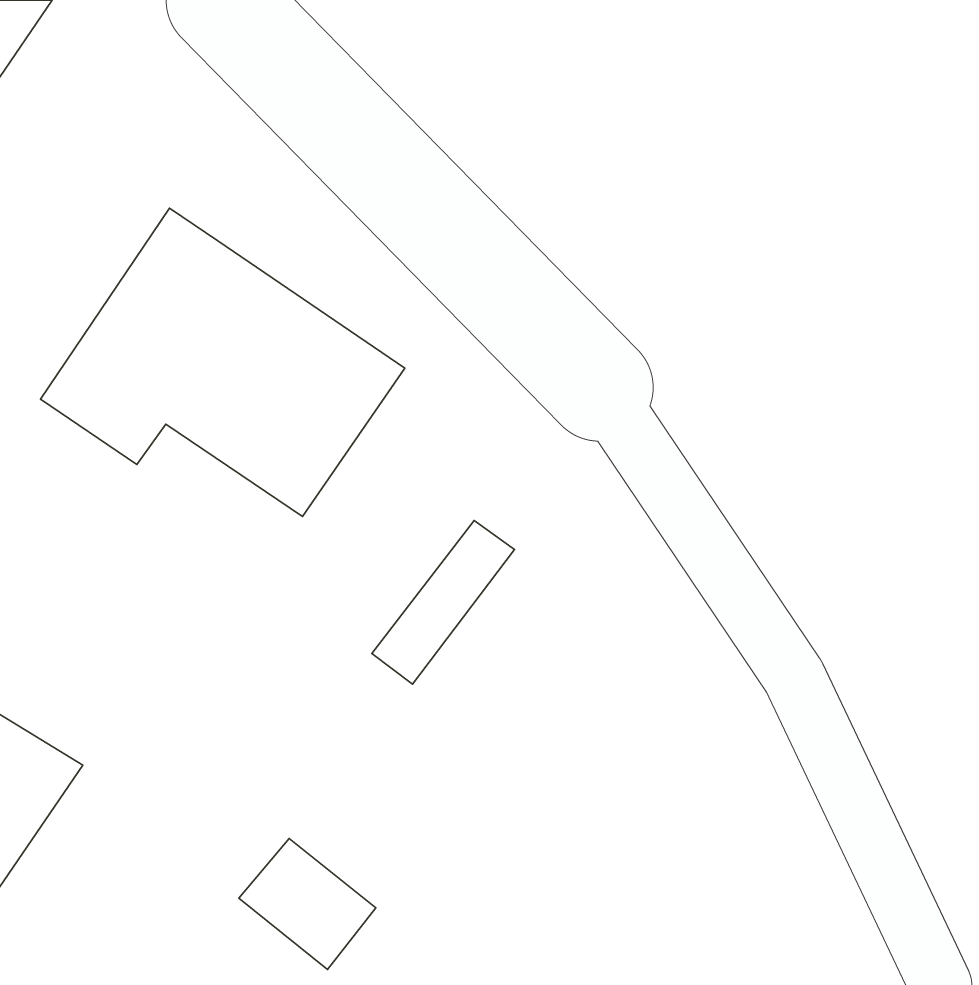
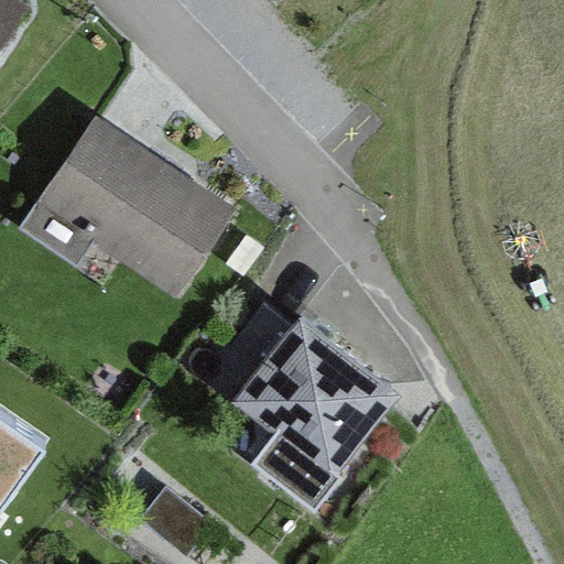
building: none -> [230,323,392,518]

